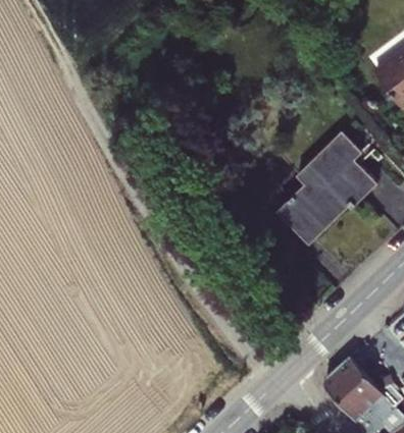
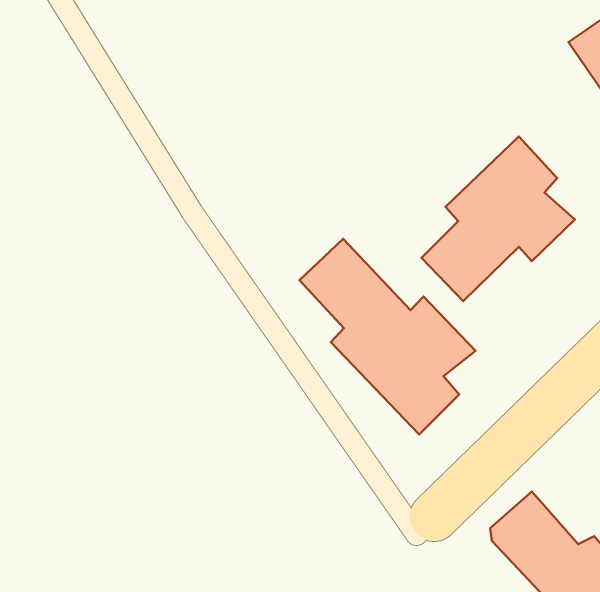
building: none -> [300,239,476,434]

